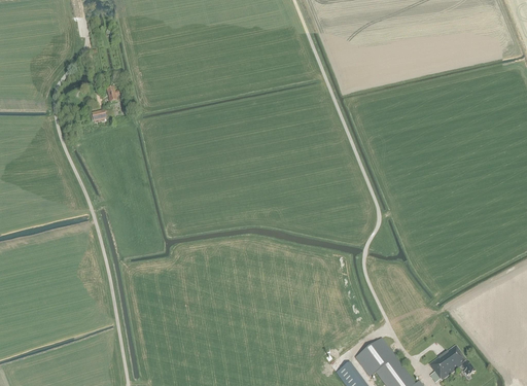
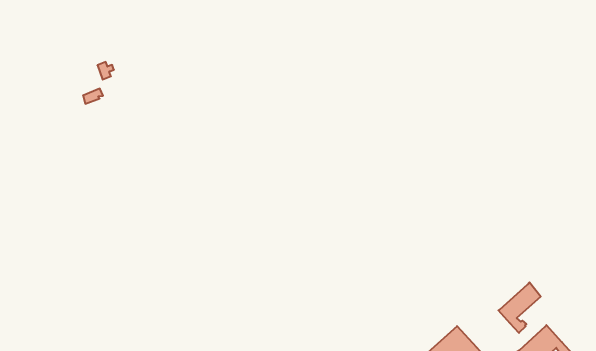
building: none -> [498,282,541,333]

